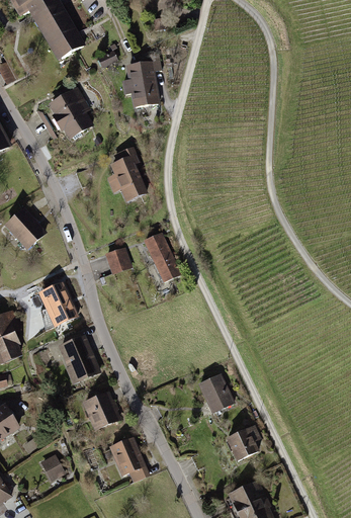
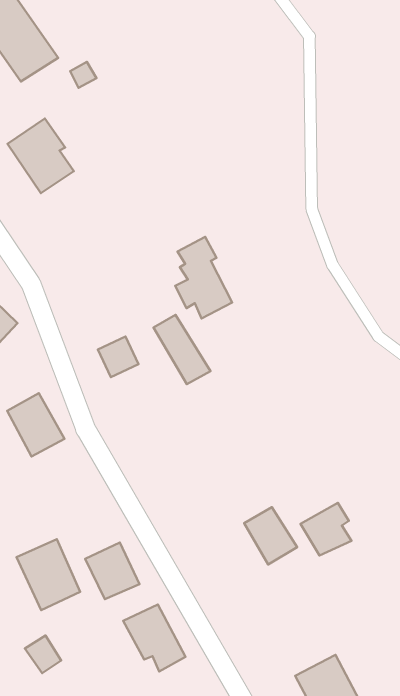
building: [120,59,159,109] -> none
building: [105,146,145,203] -> [175,237,232,319]
building: [56,335,99,384] -> [17,539,80,610]
building: [224,426,259,462] -> [300,503,351,556]

